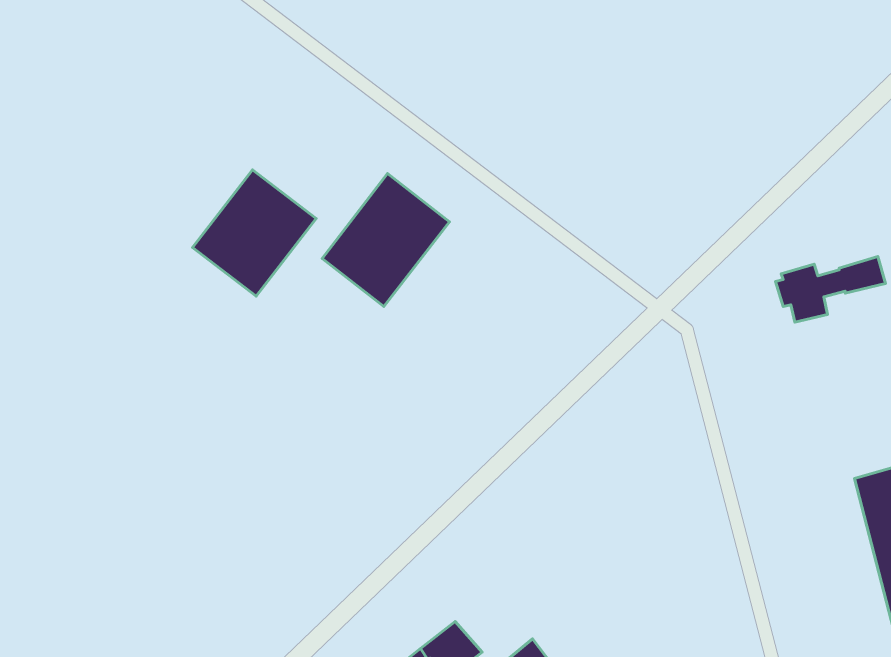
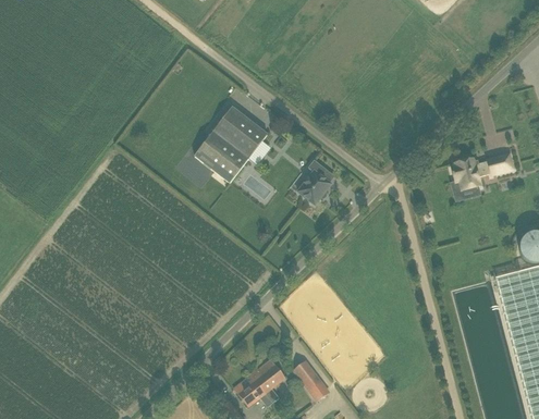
building: [193,170,316,296] -> none
building: none -> [297,159,331,204]

